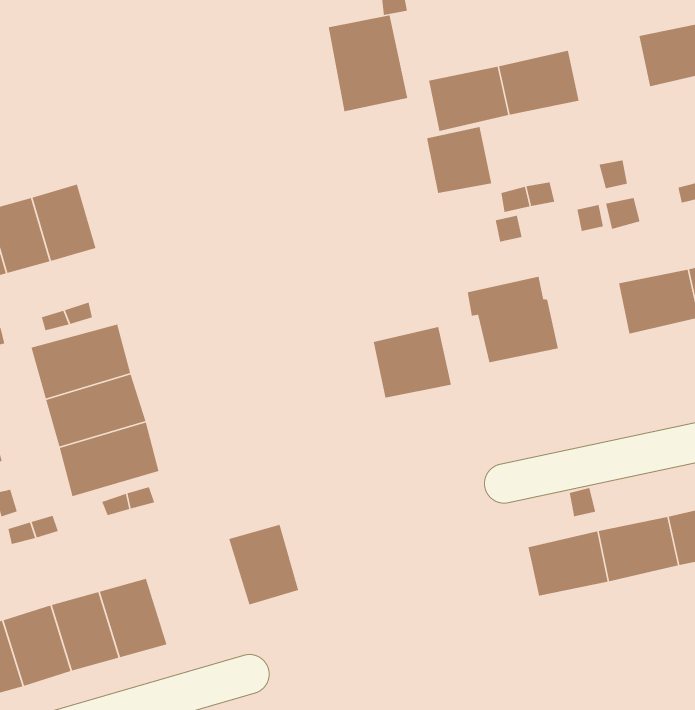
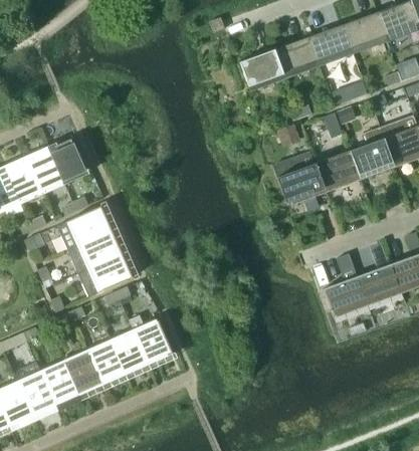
building: [328,15,408,112] -> none
building: none -> [308,26,352,63]
building: [426,126,492,194] -> none
building: none -> [316,152,359,189]
building: [373,326,452,398] -> none
building: [228,524,299,606] -> [134,321,173,365]

